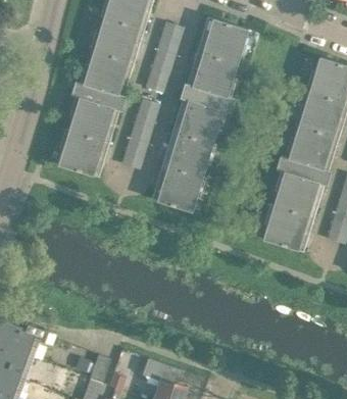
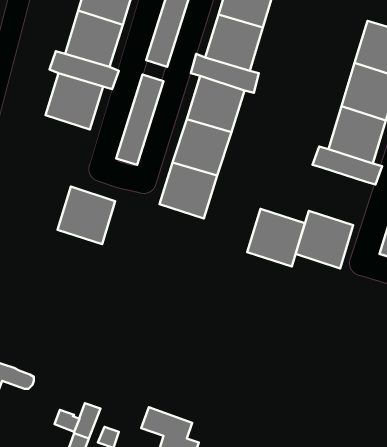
building: [57,132,102,177] -> [58,187,115,244]
building: [272,172,317,217] -> [247,209,305,266]

